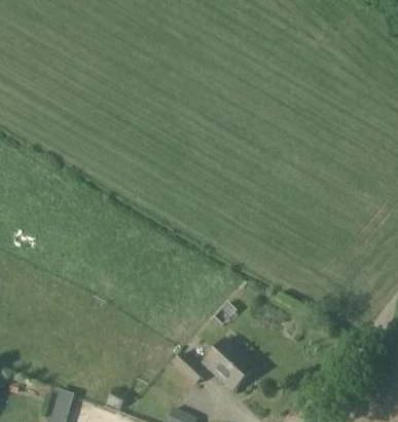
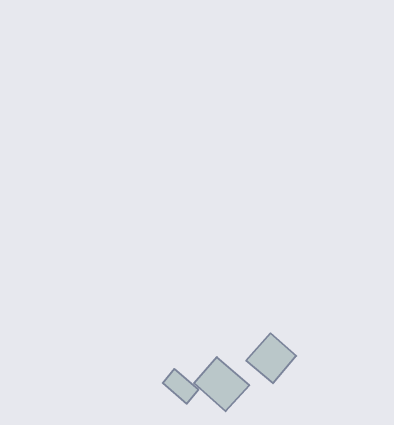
building: none -> [246,333,296,383]

